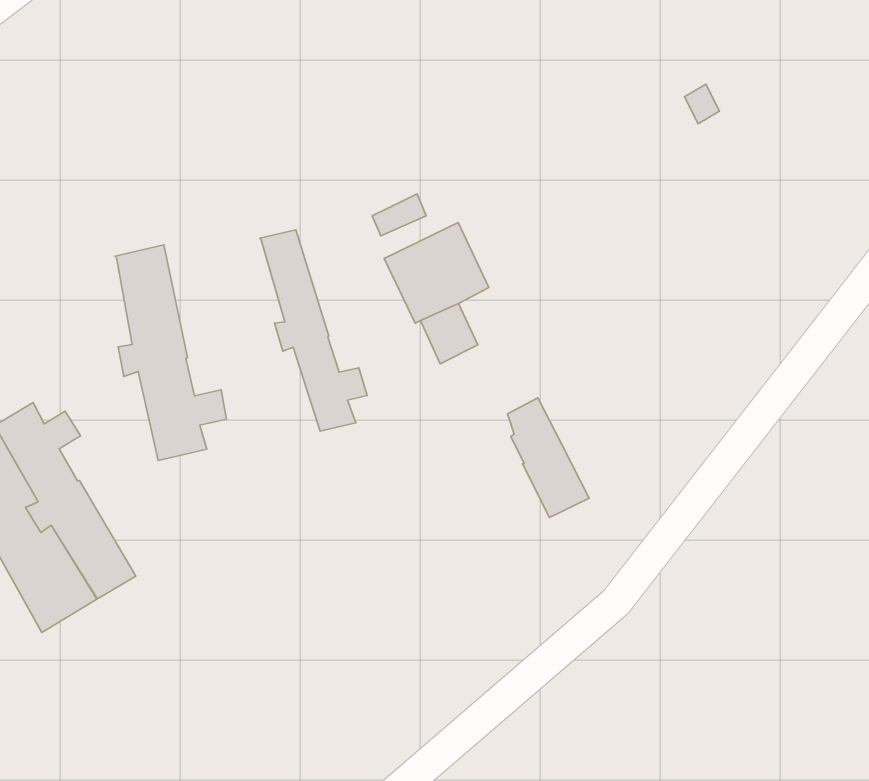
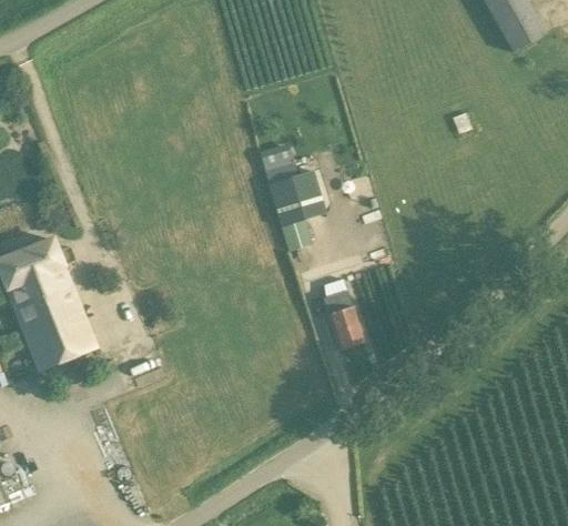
building: [260,230,367,431] -> none
building: [115,245,227,460] -> none

